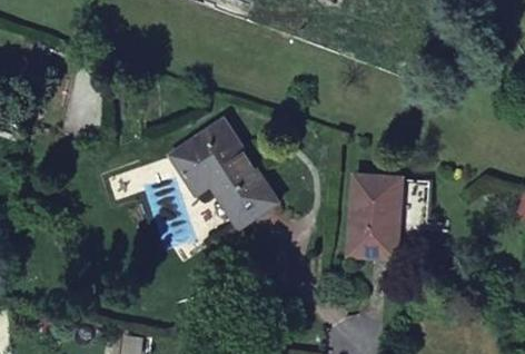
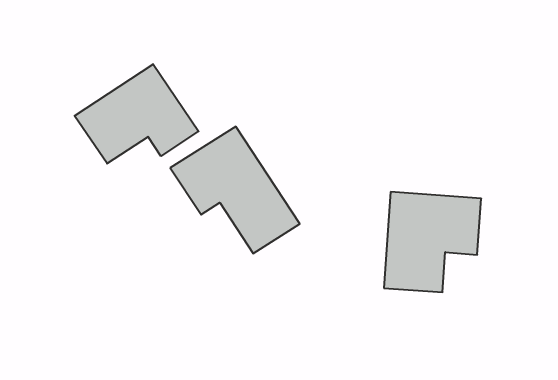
building: none -> [75,64,199,164]

